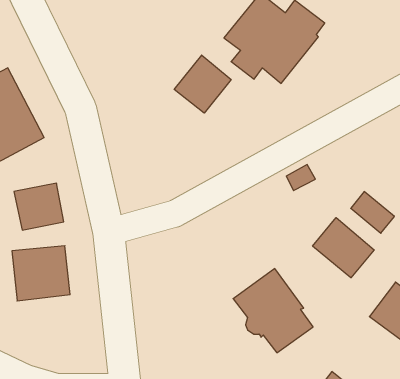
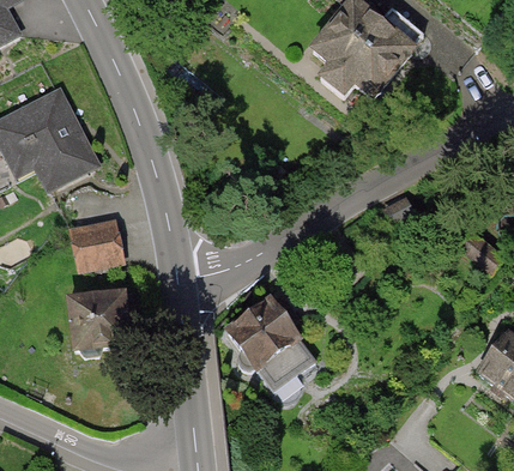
building: [174,55,231,113] -> none
building: [313,218,374,278] -> none
building: [233,269,313,353] -> [223,294,315,391]

